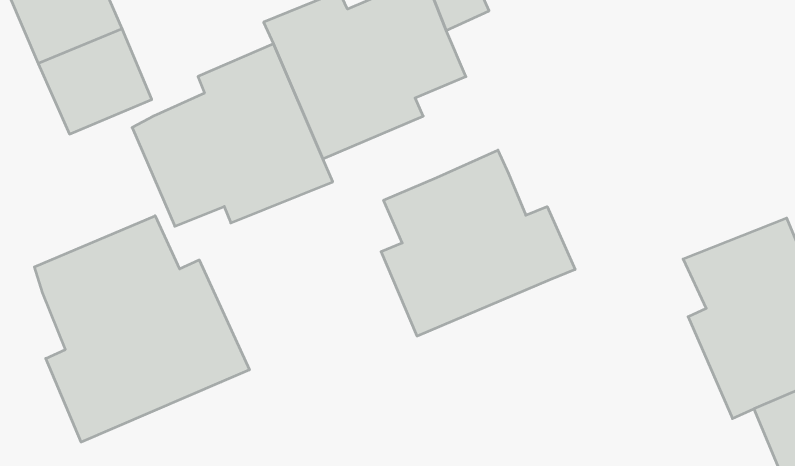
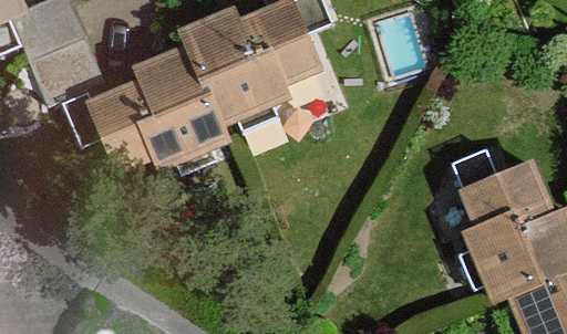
building: [381,150,575,336] -> none
building: [34,216,249,442] -> none

